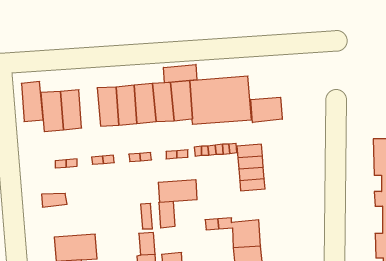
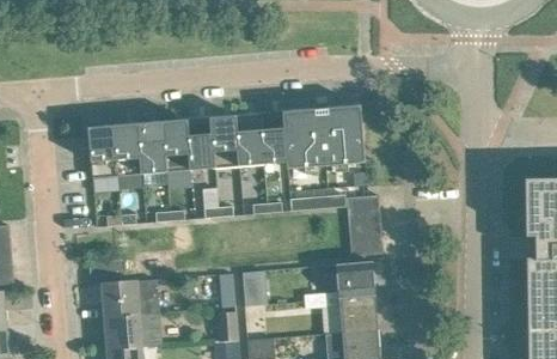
building: [164,64,197,83] -> none
building: [21,82,43,122] -> [137,121,166,174]
building: [251,97,282,123] -> none
building: [158,180,197,202] -> none
building: none -> [336,261,374,298]
building: none -> [102,279,159,317]

